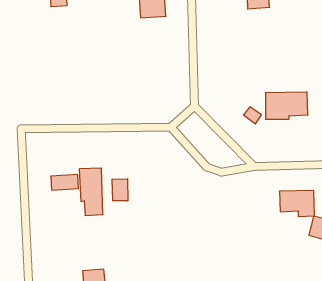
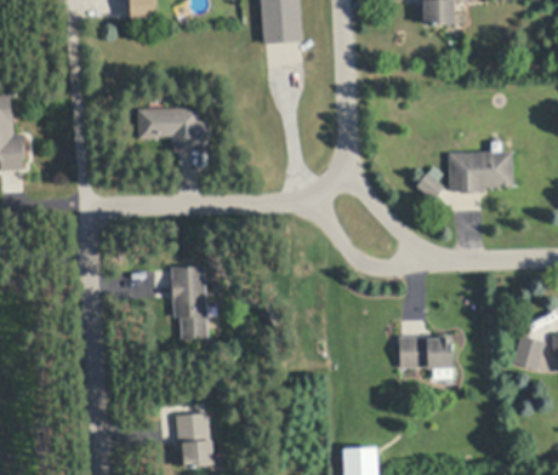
building: none -> [137,108,209,149]
building: [112,179,128,201] -> none
building: [279,191,314,217] -> [399,334,451,373]

